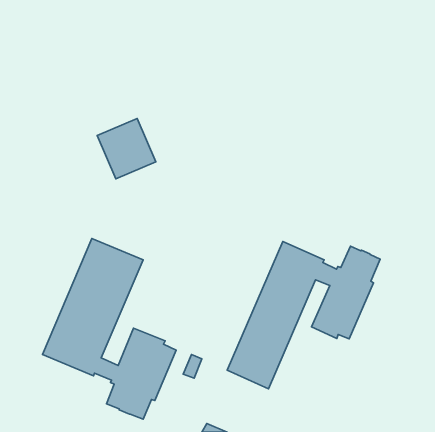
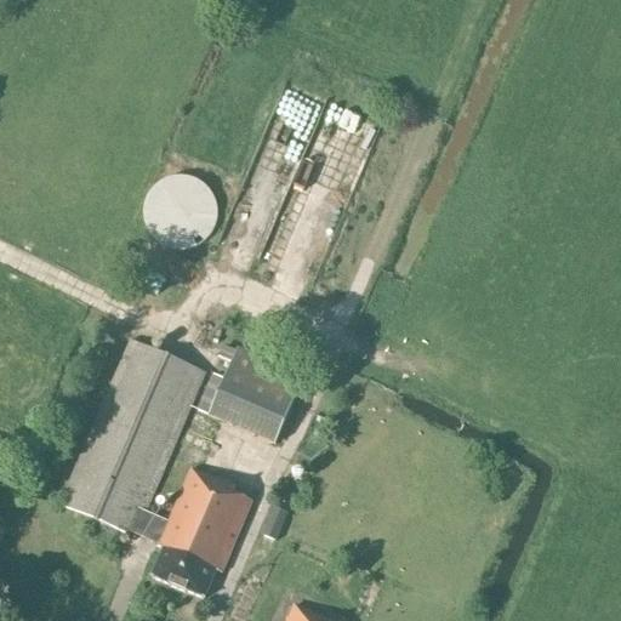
building: [227,241,380,389] -> none
building: none -> [198,346,304,443]

